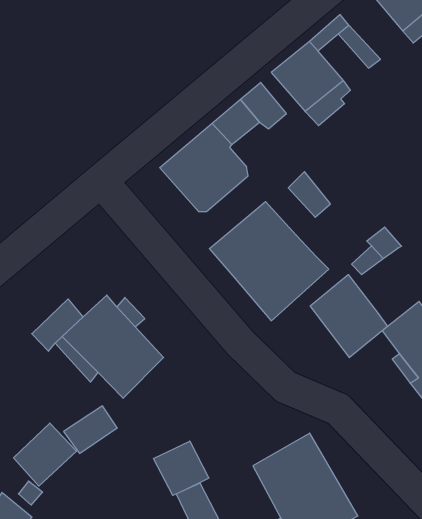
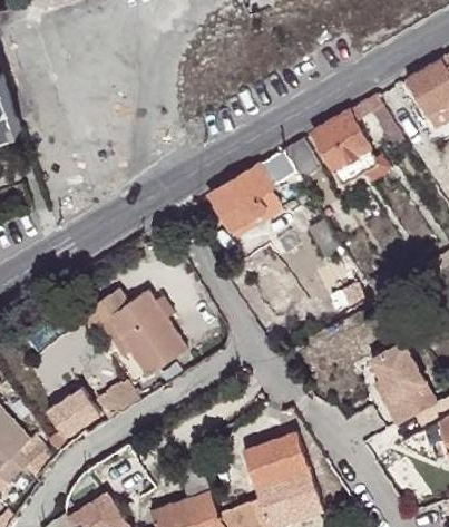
building: [209,202,329,321] -> none
building: [310,275,388,358] -> none
building: [154,441,209,495] -> none

